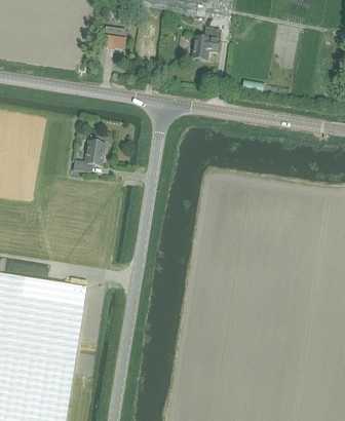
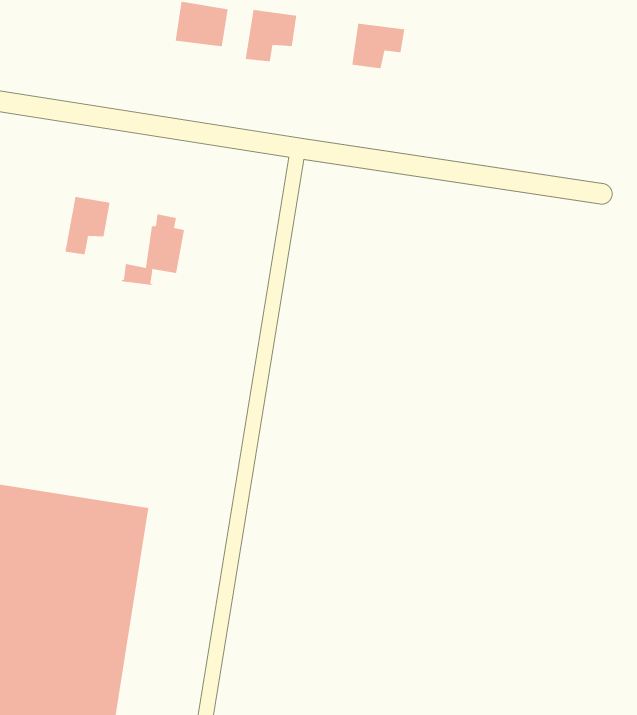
building: none -> [245,9,297,62]
building: none -> [65,196,110,255]

